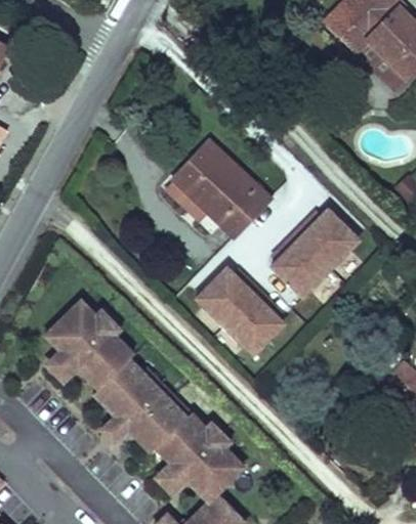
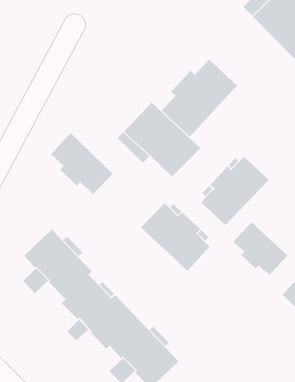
building: none -> [161,59,238,138]
building: none -> [50,132,113,195]
building: none -> [233,222,288,276]

